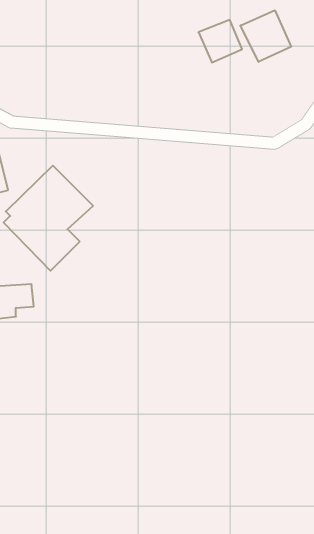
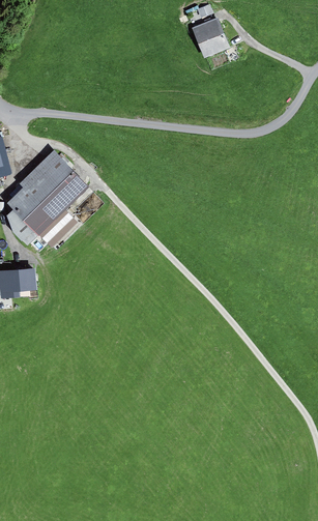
building: [240,10,291,62] -> none

